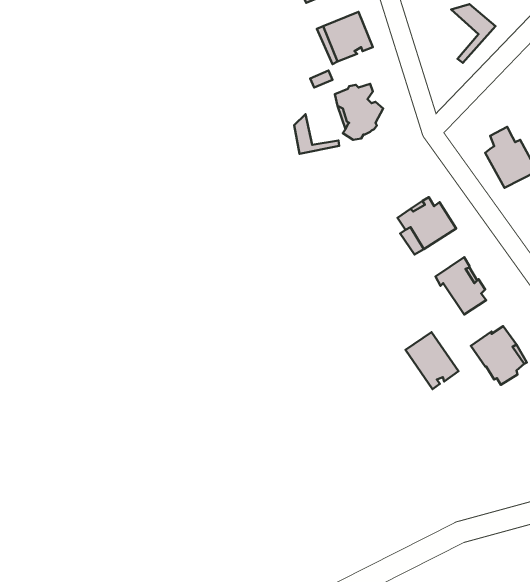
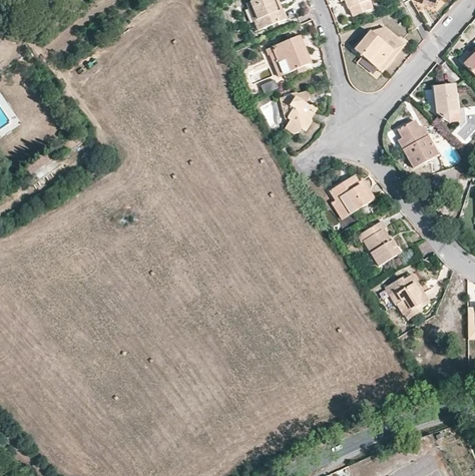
building: none -> [355,30,392,68]
building: [294,114,339,154] -> none
building: [405,332,459,389] -> none

